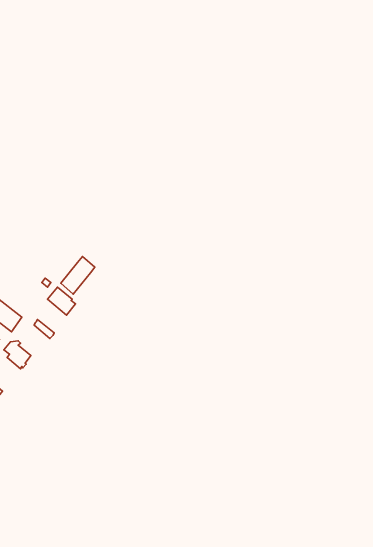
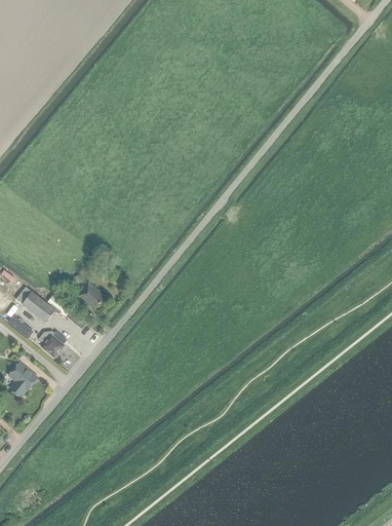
building: [61,257,95,294] -> none

